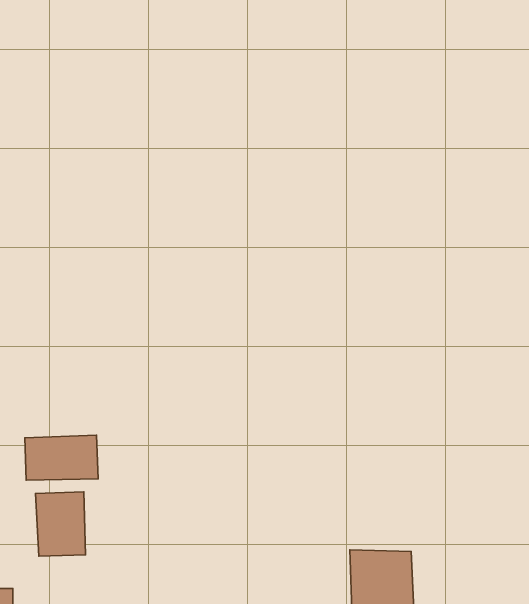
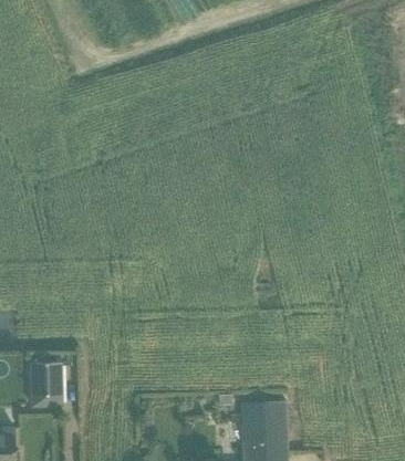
building: [25,435,98,480] -> none

